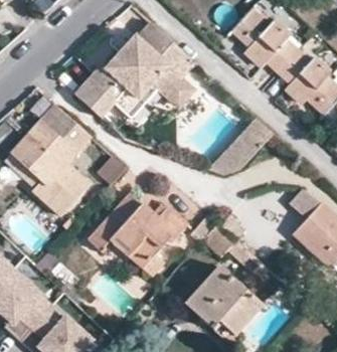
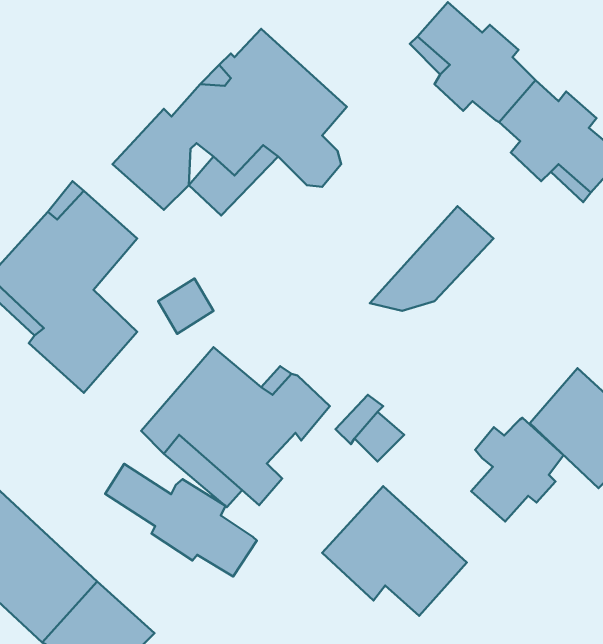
building: none -> [471,418,564,522]
building: none -> [105,464,257,576]

